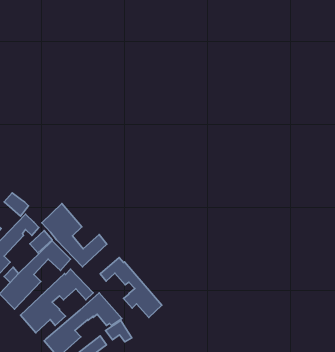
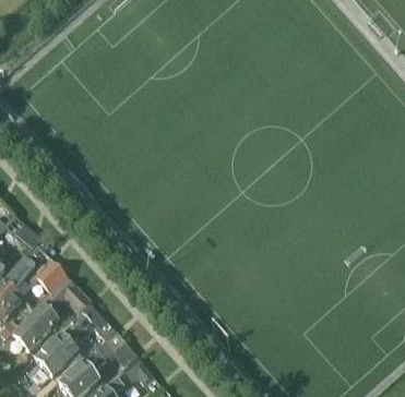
building: [42,204,107,267] -> none
building: [100,257,162,317] -> none

